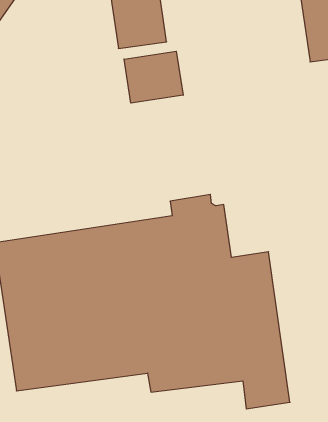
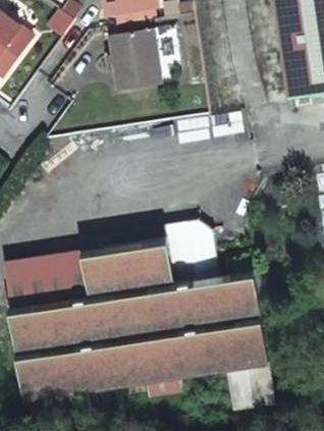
building: [124,51,183,103] -> none

